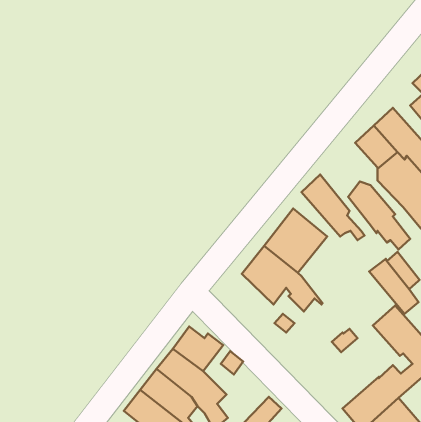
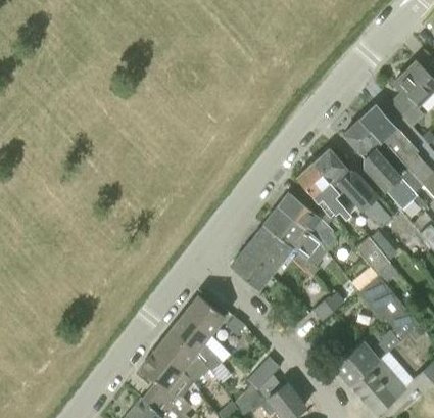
building: none -> [312,148,355,212]
building: none -> [293,217,334,275]
building: none -> [230,249,272,290]

